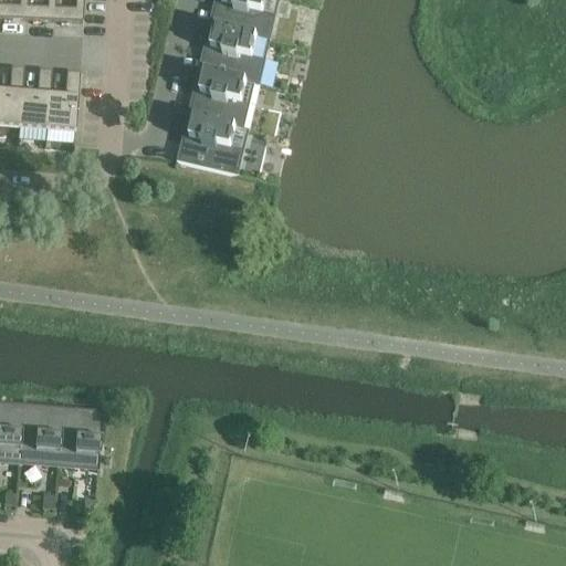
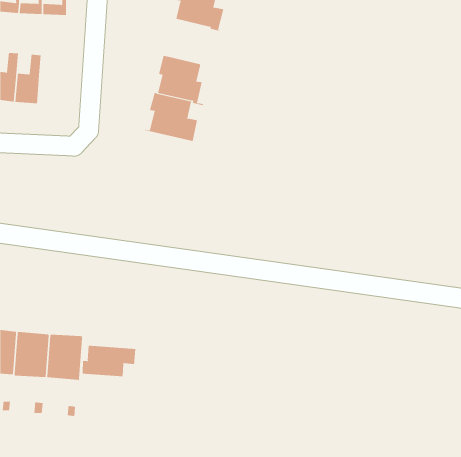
building: [203,22,263,84] -> none
building: [46,69,78,129] -> none
building: none -> [80,344,137,377]

